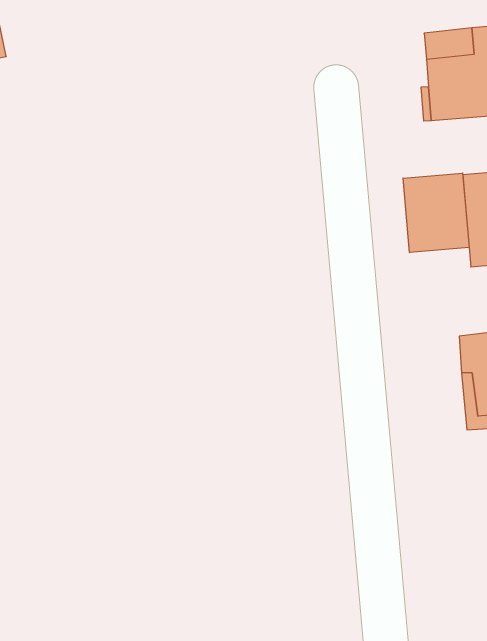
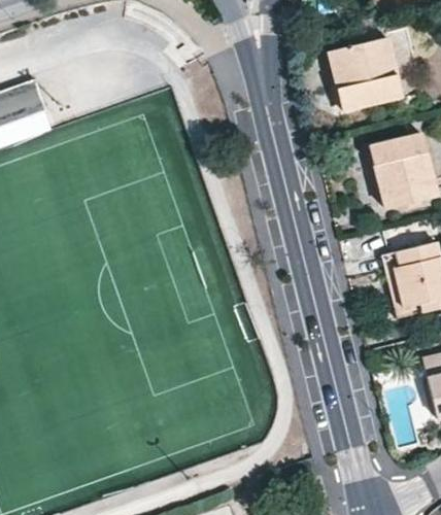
building: [403,173,469,253] -> none

